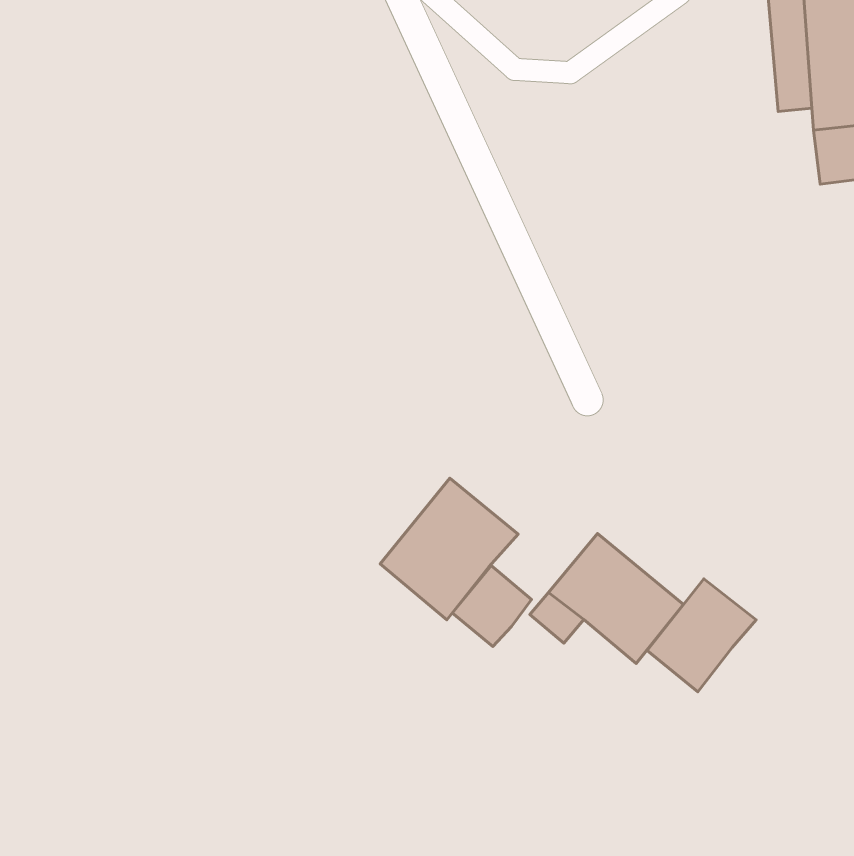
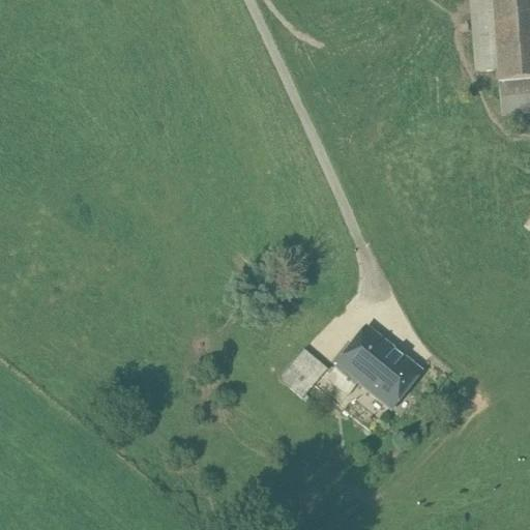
building: [380,478,518,620] -> none
building: [647,579,756,692] -> none

